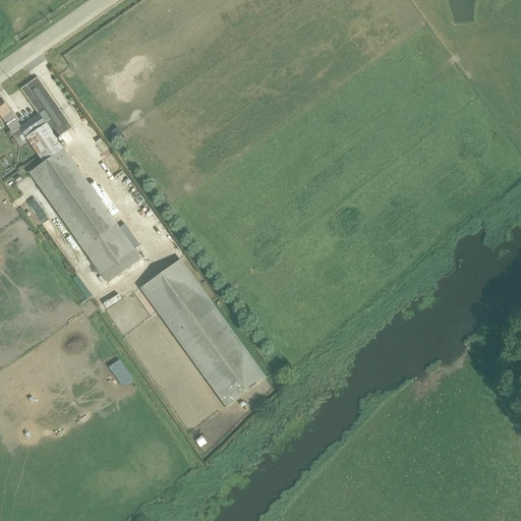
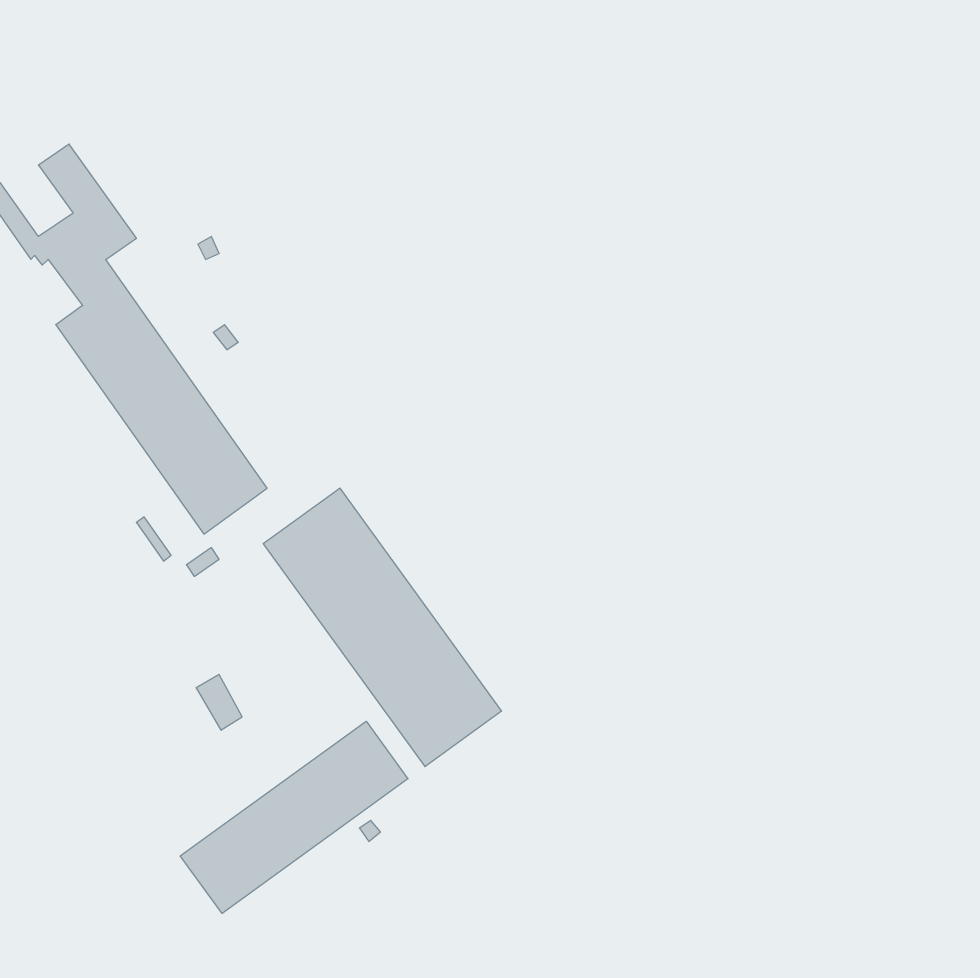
building: none -> [180,721,408,913]

